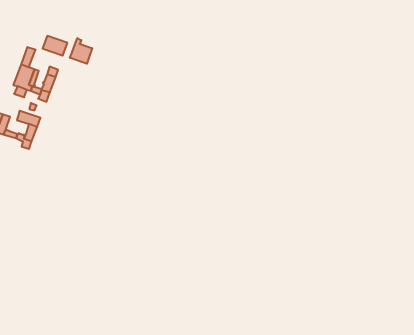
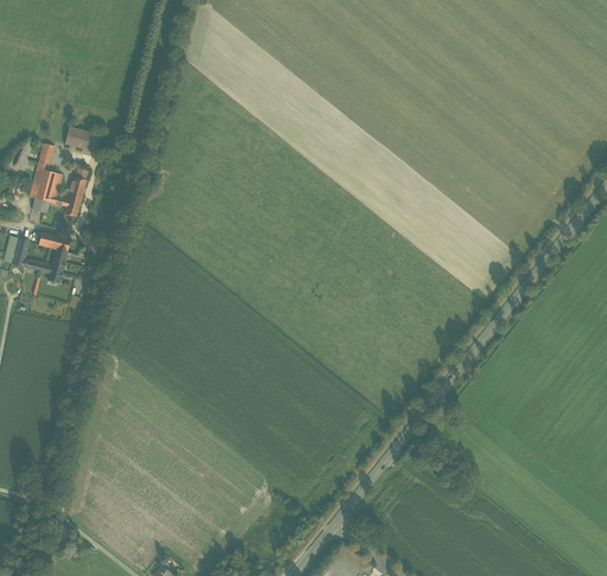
building: [70,38,92,64] -> none

